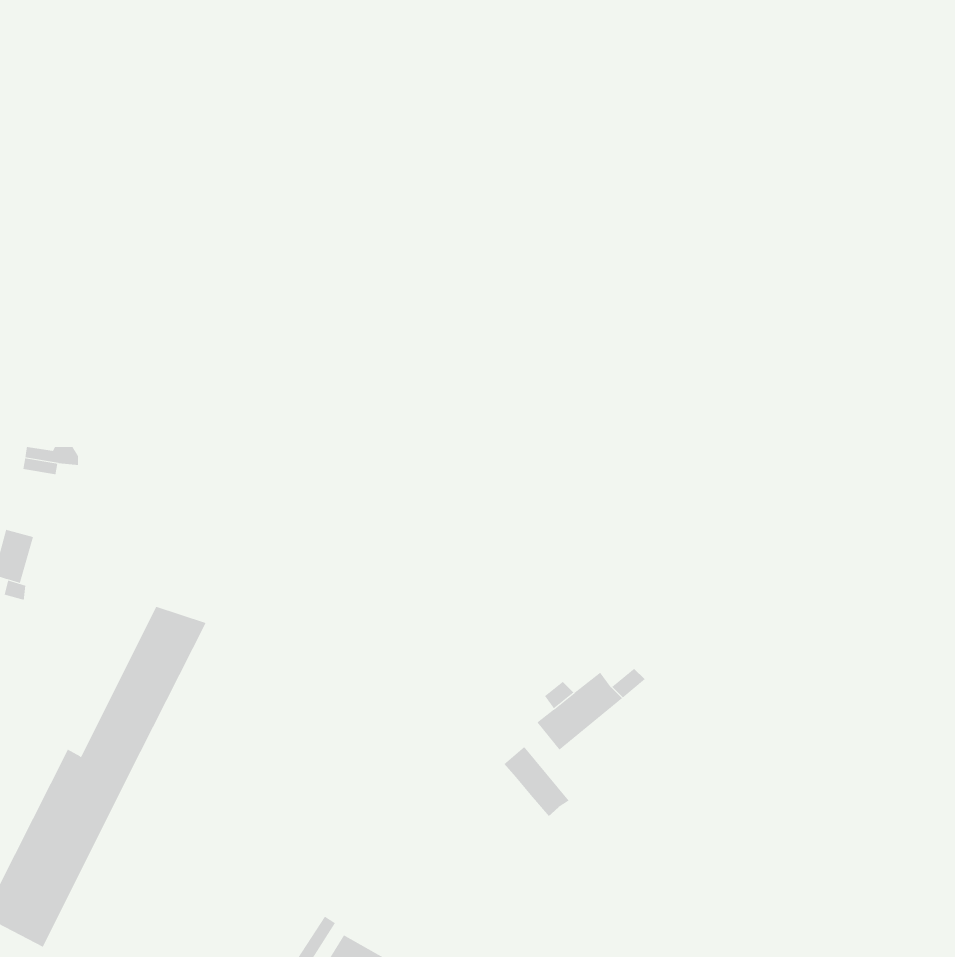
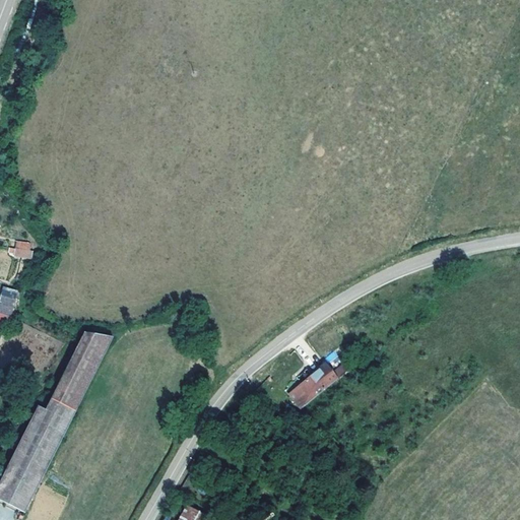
building: [503,746,569,817] -> none

